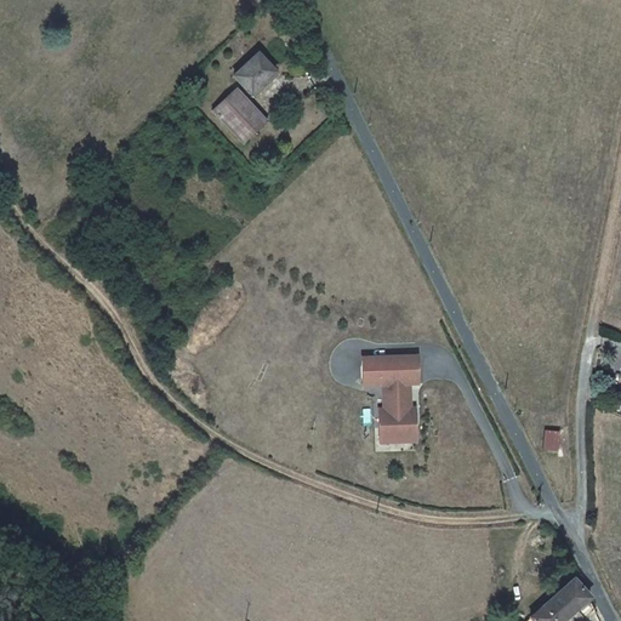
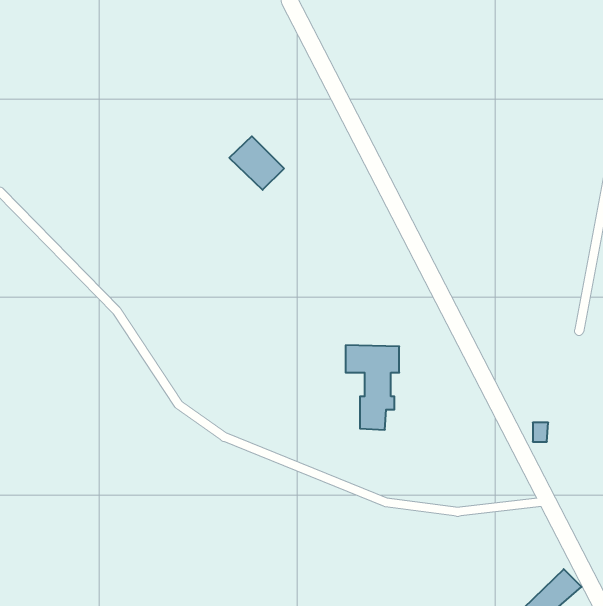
building: [238,51,279,91] -> none
building: [216,86,272,141] -> [229,136,284,190]

